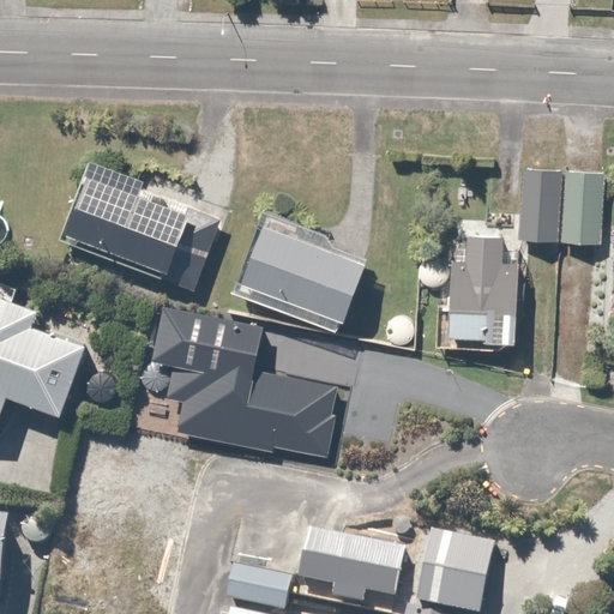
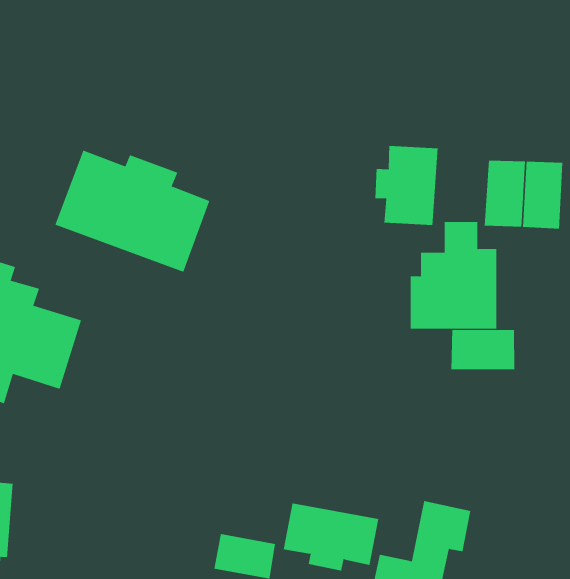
building: none -> [375,145,438,226]
building: [234,216,371,330] -> none
building: [143,308,331,459] -> none
building: none -> [451,329,515,370]

